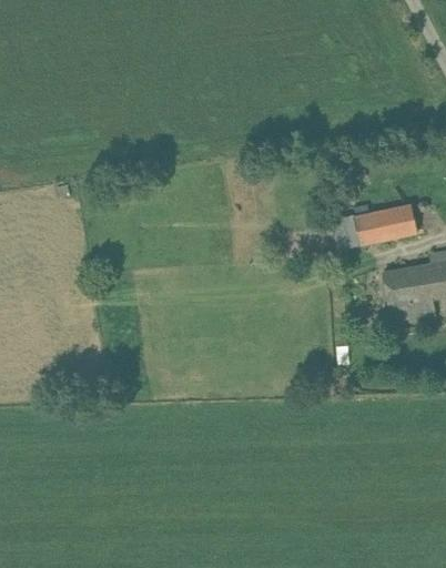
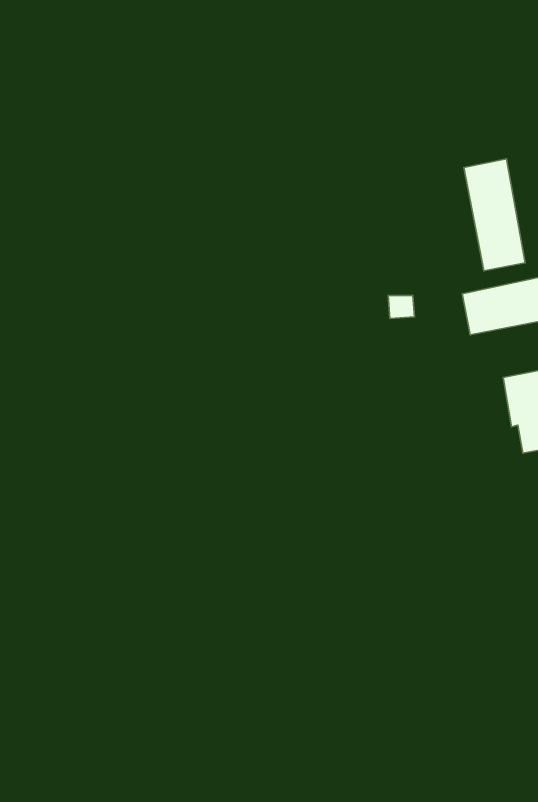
building: none -> [464,159,525,271]

